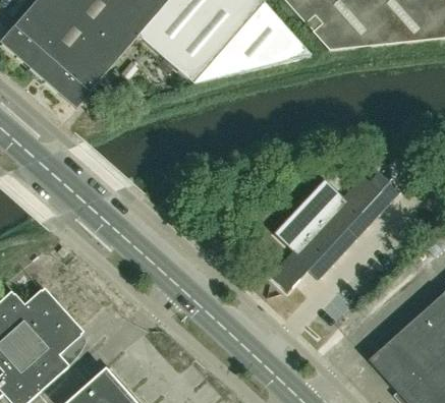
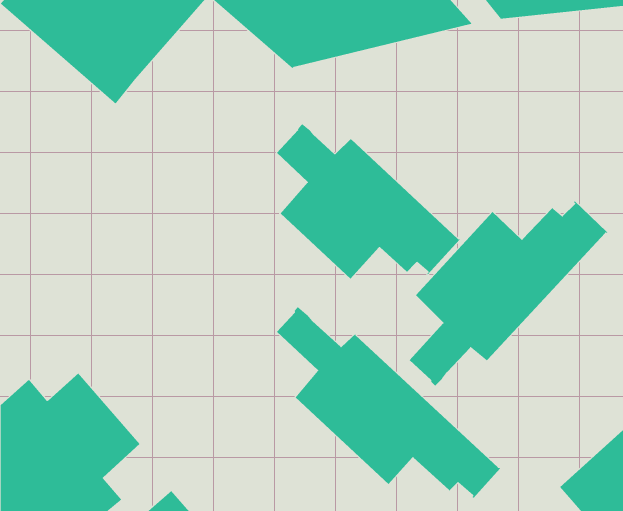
building: none -> [276,123,461,279]
building: none -> [276,306,502,499]

